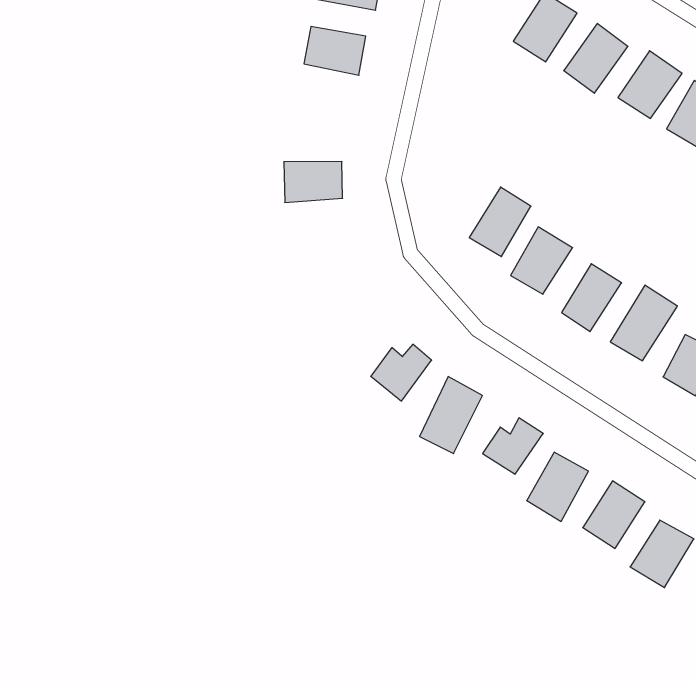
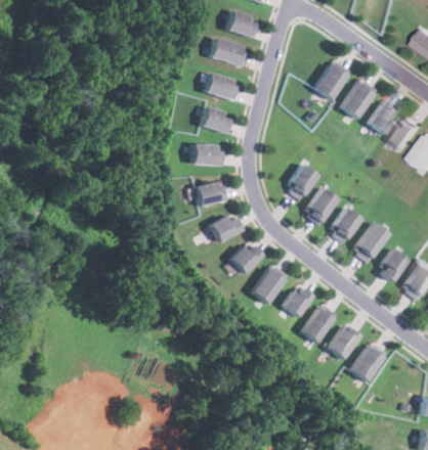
building: none -> [196,106,225,133]
building: none -> [189,181,223,206]
building: none -> [204,212,238,242]

